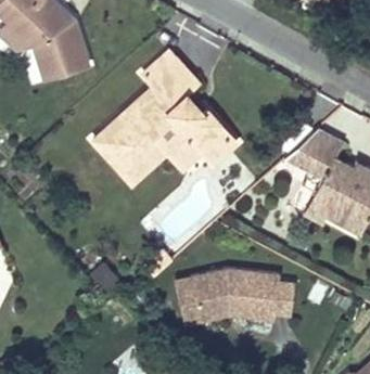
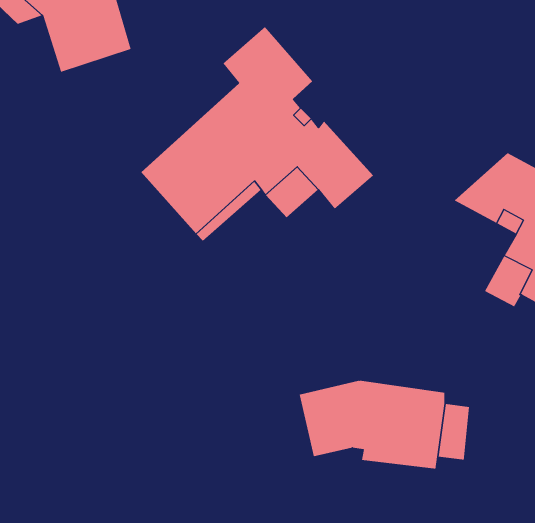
building: [175,275,229,325] -> none

